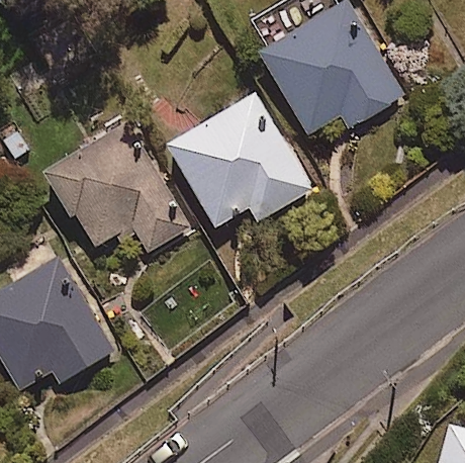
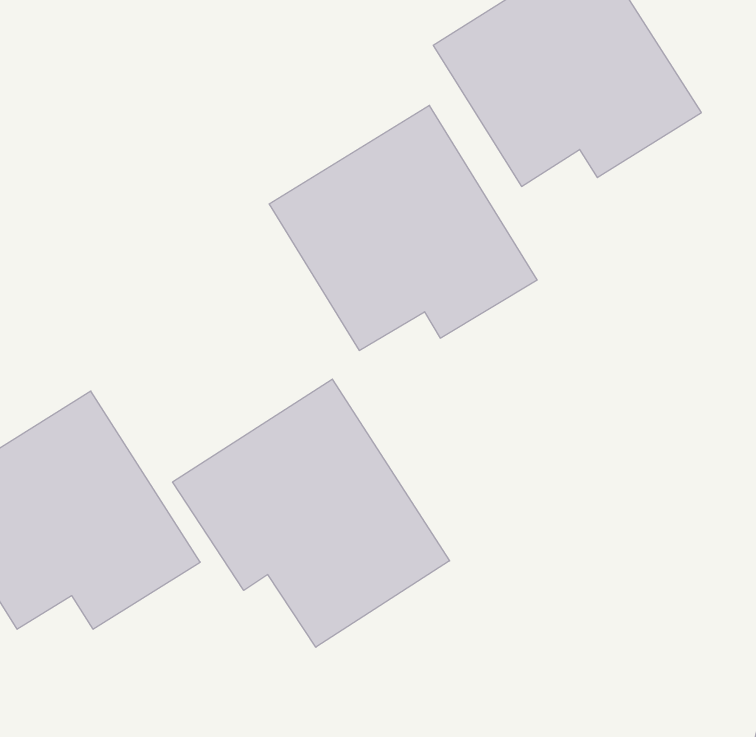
building: [41,119,195,256] -> none
building: none -> [173,379,450,647]

